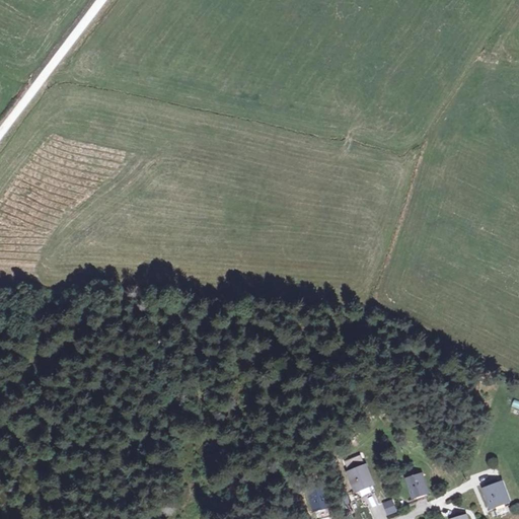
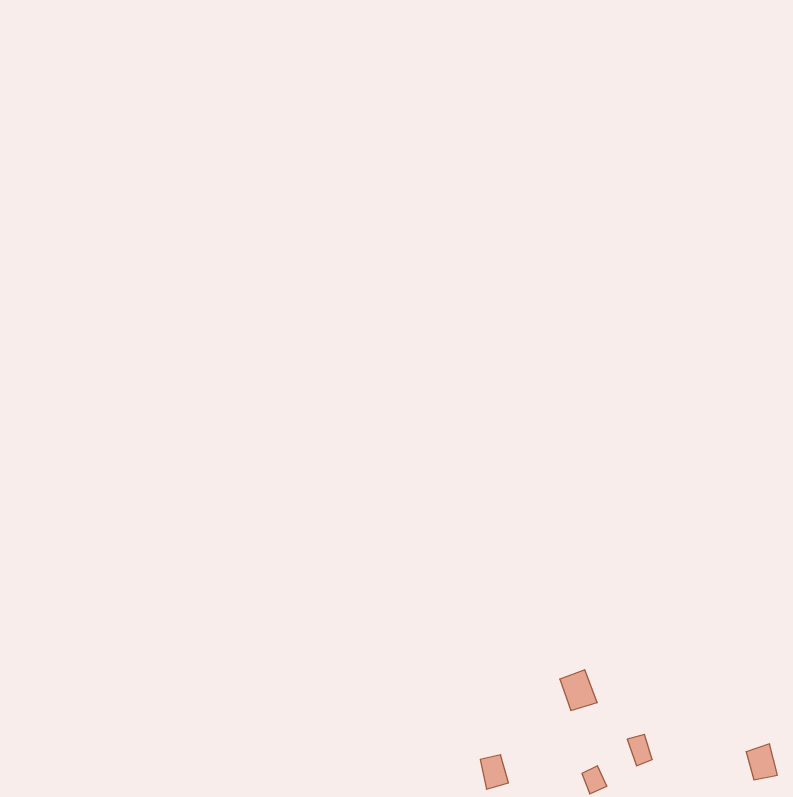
building: [348,464,372,491] -> [560,670,597,710]

